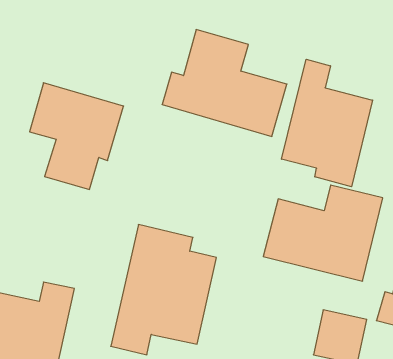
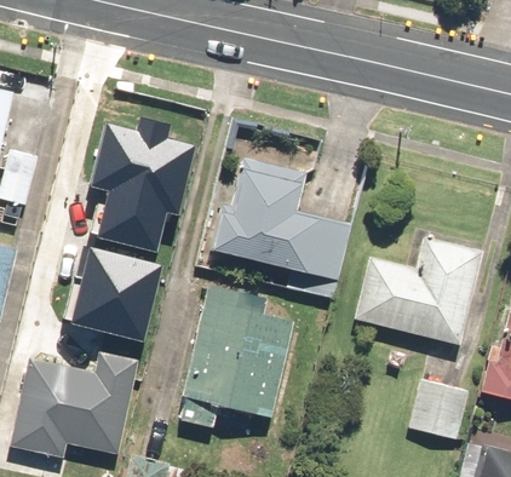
building: [162,30,287,136] -> [209,161,351,282]
building: [282,59,373,187] -> none
building: none -> [71,248,151,333]

